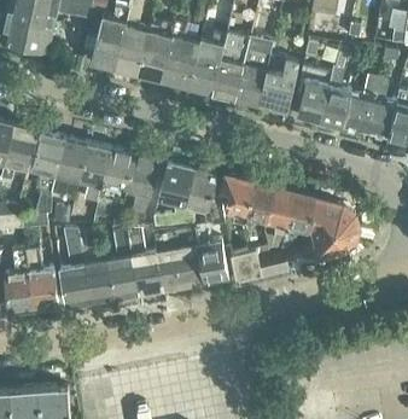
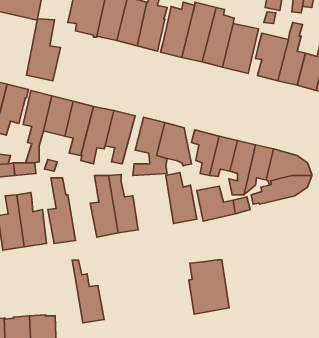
building: none -> [26,19,60,81]
building: [157,228,203,290] -> [189,260,229,314]
building: [80,231,116,302] -> [72,260,104,323]

